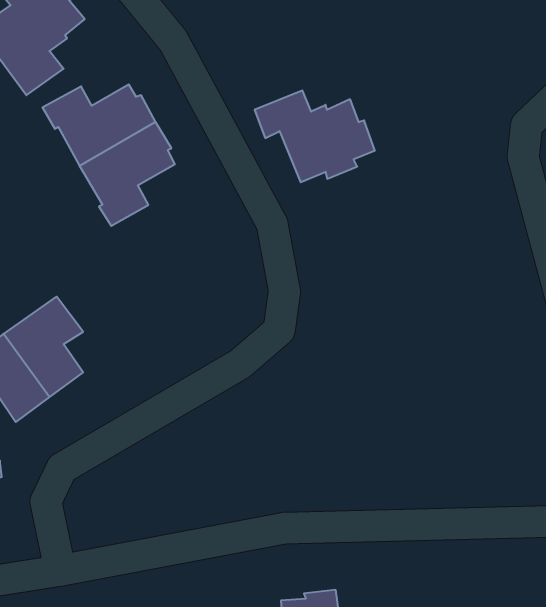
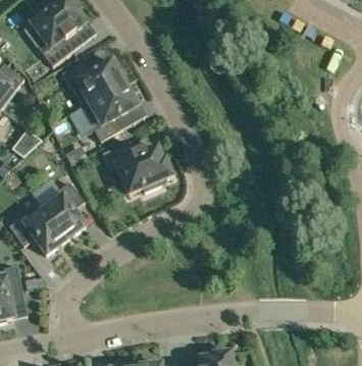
building: [255,90,375,182] -> [101,141,170,194]

